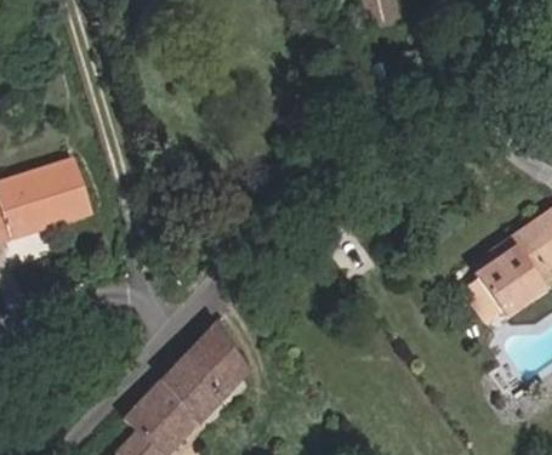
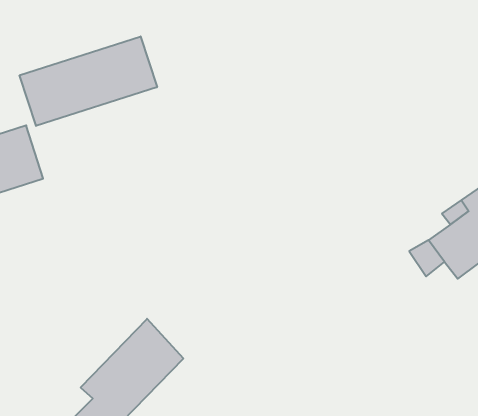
building: none -> [20,36,157,126]
building: [195,323,250,389] -> none

